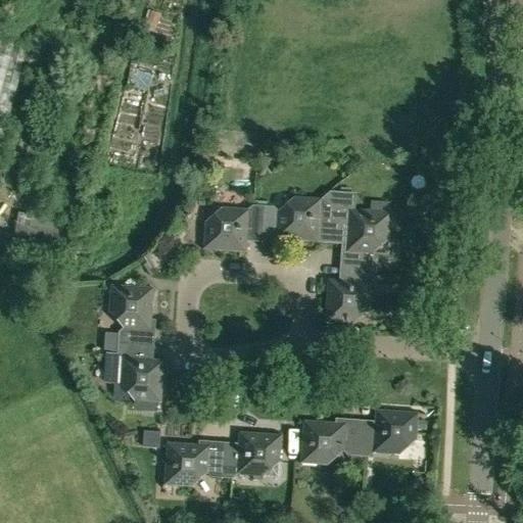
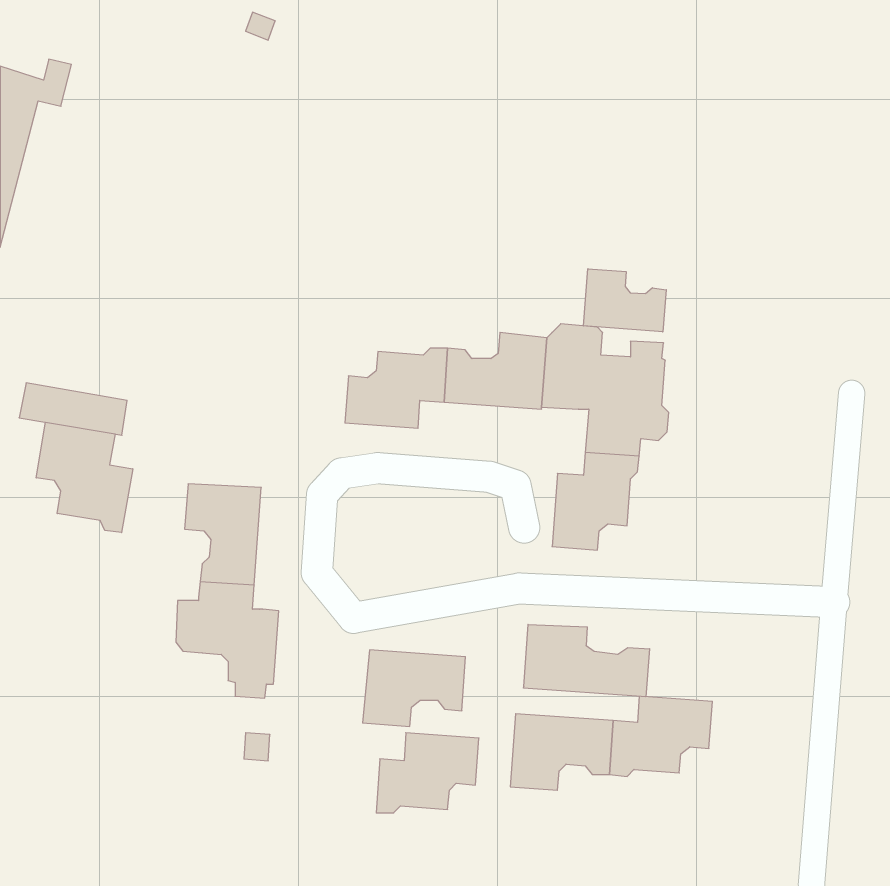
building: none -> [584,269,666,332]
building: none -> [36,422,133,533]
building: none -> [524,624,650,697]
building: [162,441,223,486] -> [363,650,465,726]

